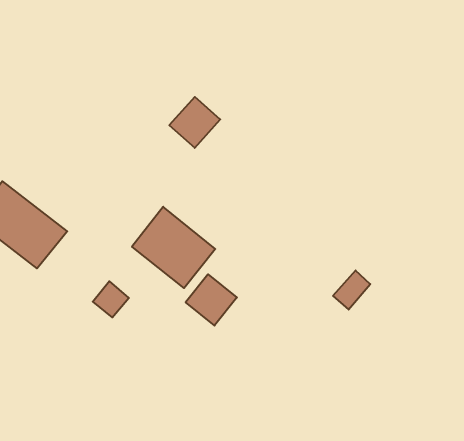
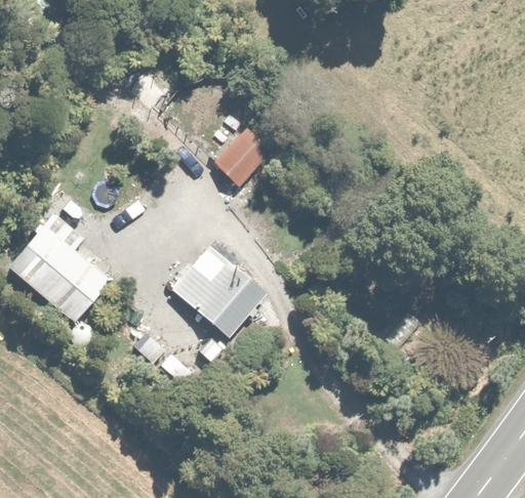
building: [186,274,237,326] -> none

